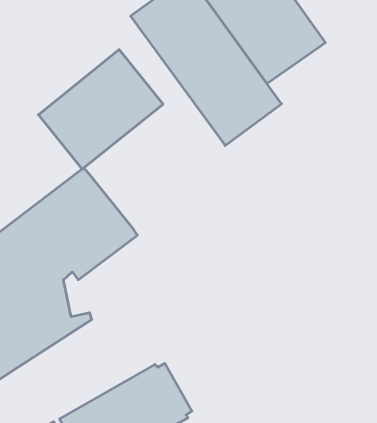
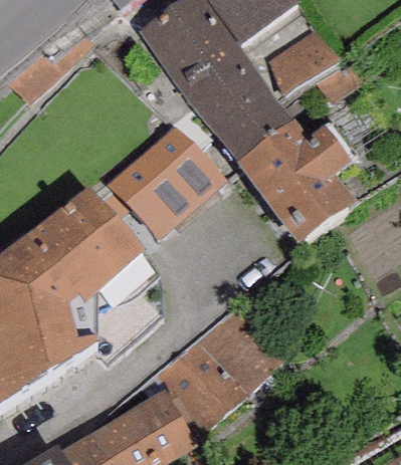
building: [38,50,163,169] -> [95,127,224,250]
building: none -> [235,121,356,246]
building: none -> [160,304,284,426]

